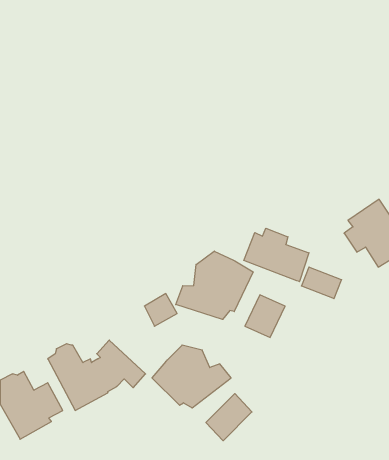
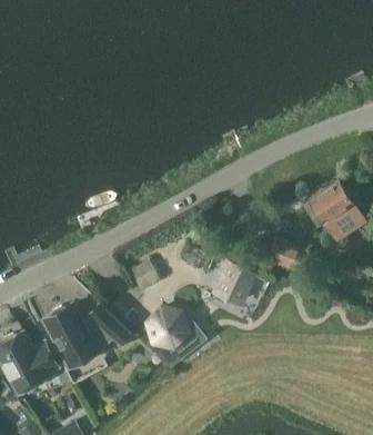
building: [244,228,309,282] -> none
building: [176,251,253,319] -> none
building: [206,394,252,441] -> none

